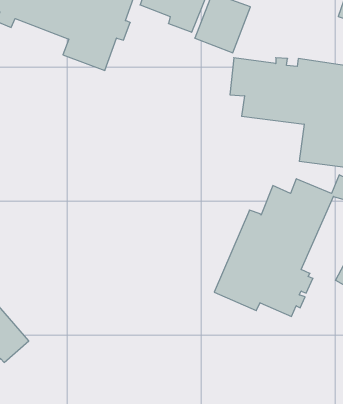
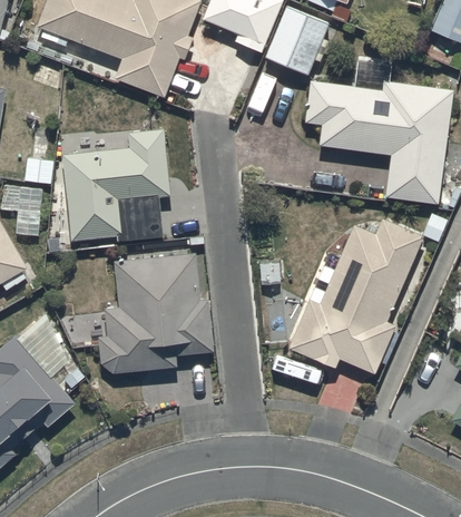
building: none -> [62,129,170,242]
building: none -> [99,253,214,374]

